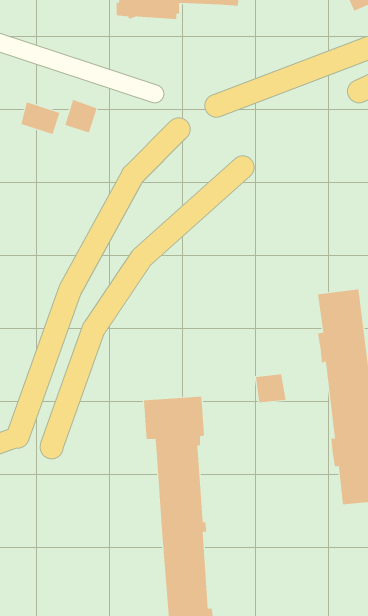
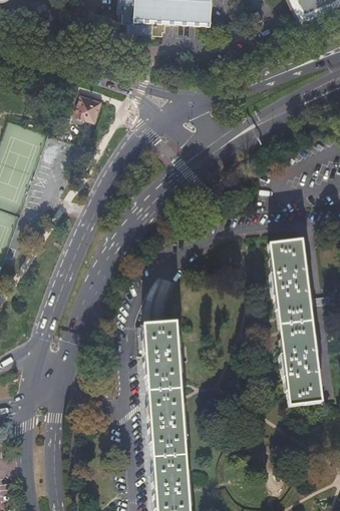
building: [21,101,60,135] -> none
building: [255,373,286,403] -> none

